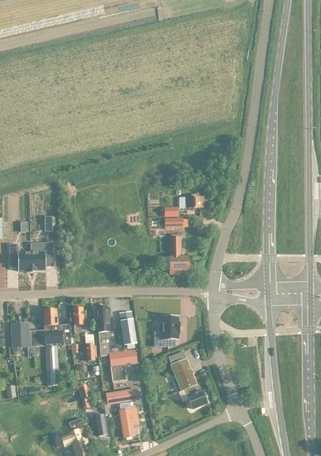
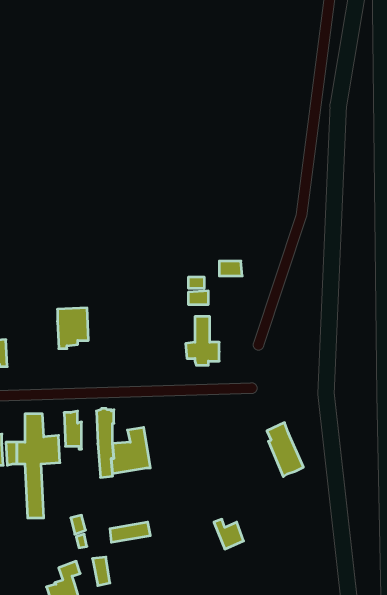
building: [29,243,52,273] -> [57,308,88,349]
building: [153,315,179,345] -> none
building: [108,348,136,380] -> none
building: [168,350,195,390] -> [267,423,303,477]
building: [118,400,137,436] -> none

